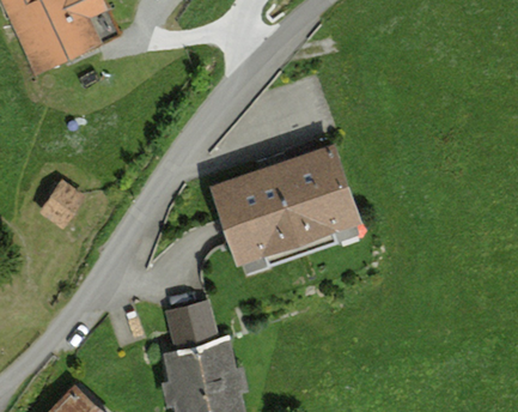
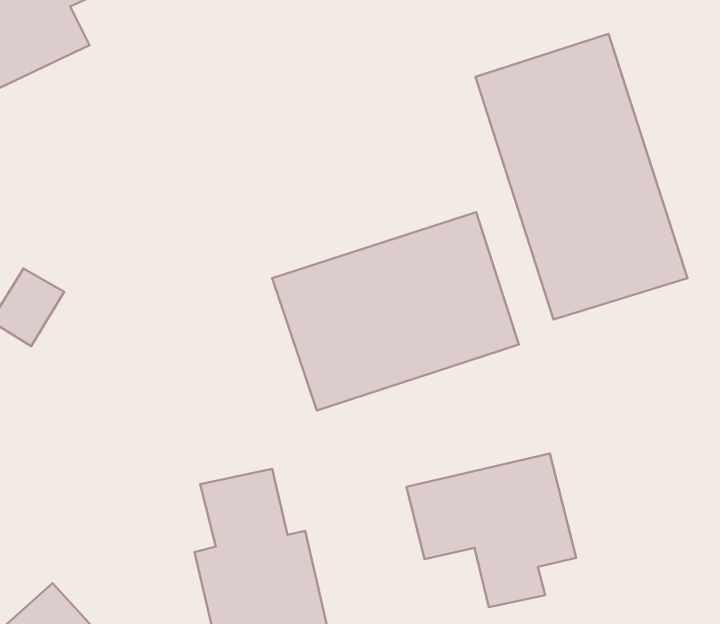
building: none -> [476,34,688,319]
building: none -> [406,453,576,607]

